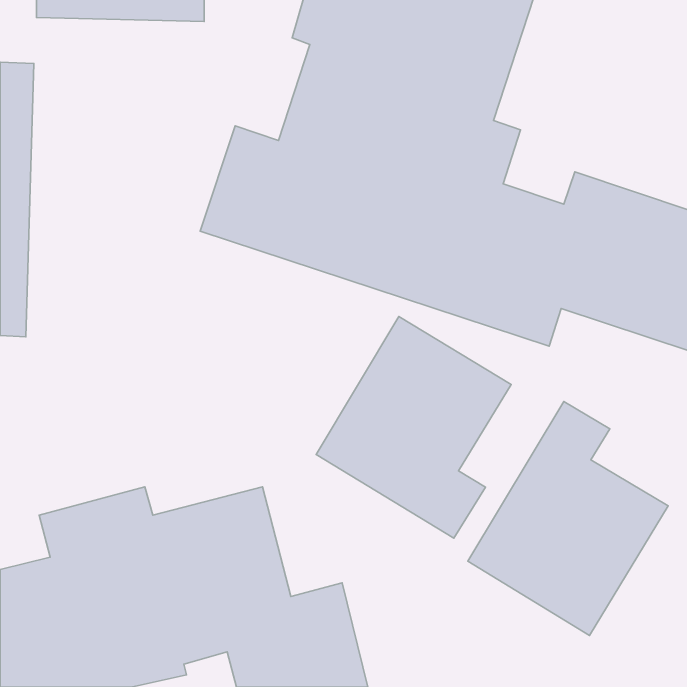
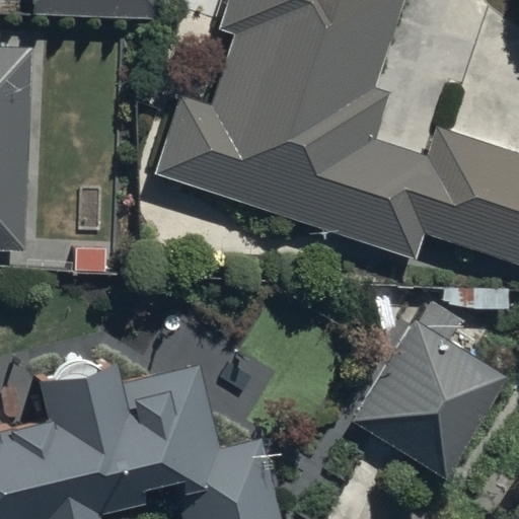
building: [316,317,511,538] -> none

